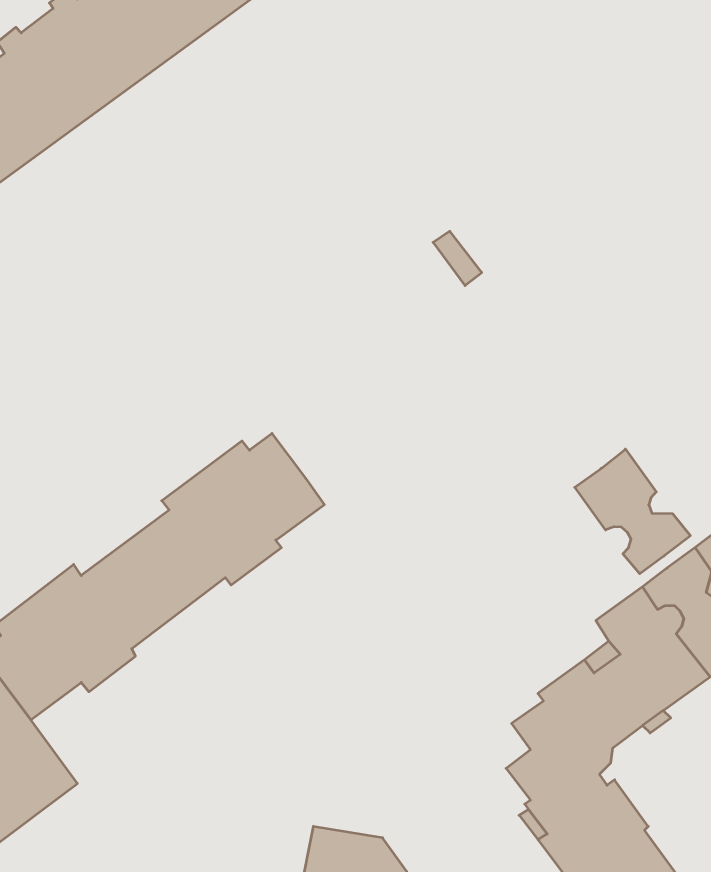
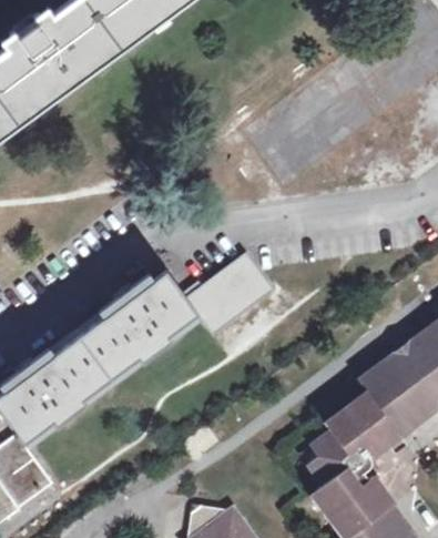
building: none -> [189,254,275,333]
building: [575,449,690,574] -> none

